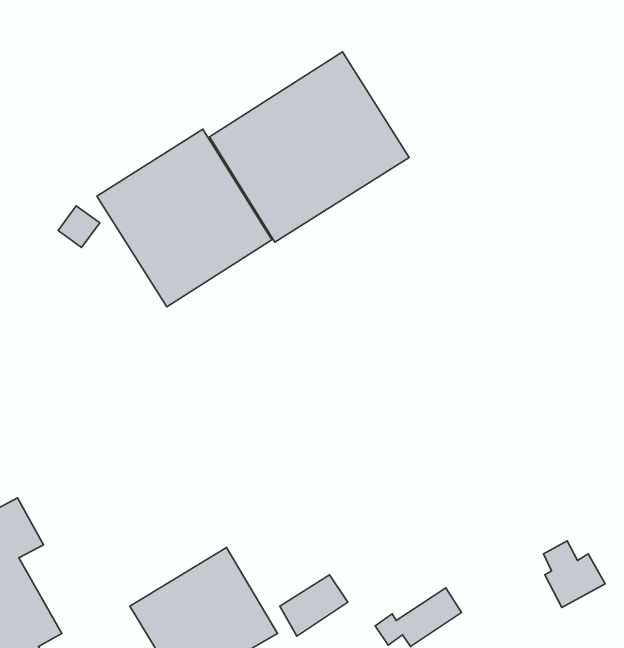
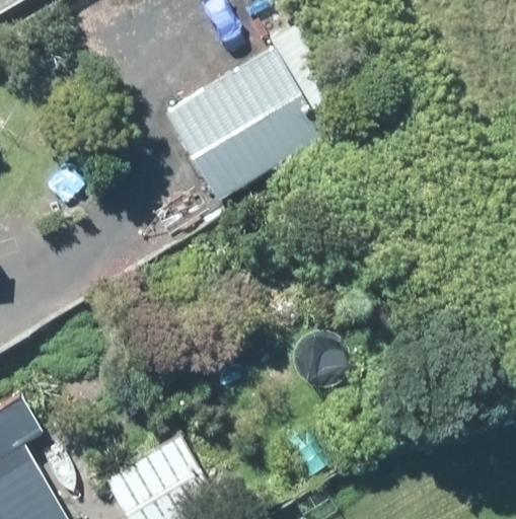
building: [97,129,272,307] -> none

